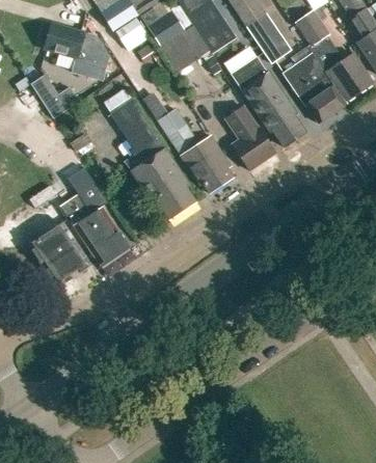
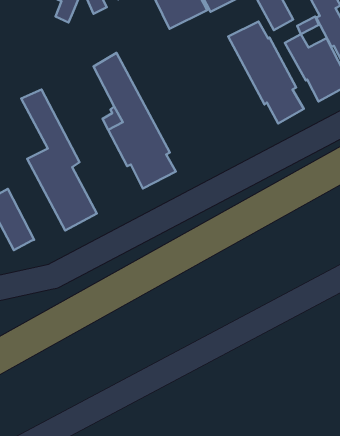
building: [31,72,79,116] -> none
building: [144,92,234,192] -> none
building: [225,105,275,169] -> none
building: [43,199,91,276] -> none

